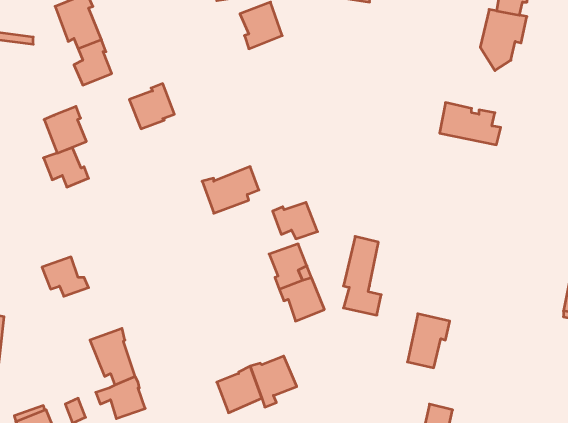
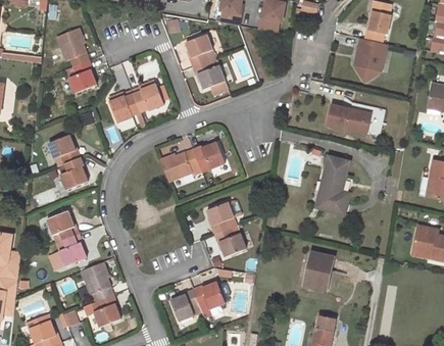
building: none -> [192,57,228,94]
building: none -> [132,84,164,112]
building: [44,106,86,153] -> [57,157,87,190]
building: [273,202,318,239] -> [193,143,225,168]
building: [343,236,381,315] -> [320,158,347,213]
building: none -> [59,234,86,265]

